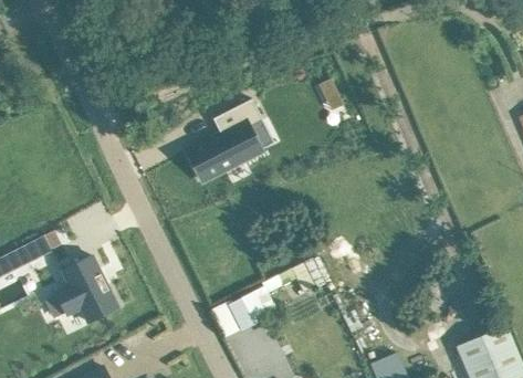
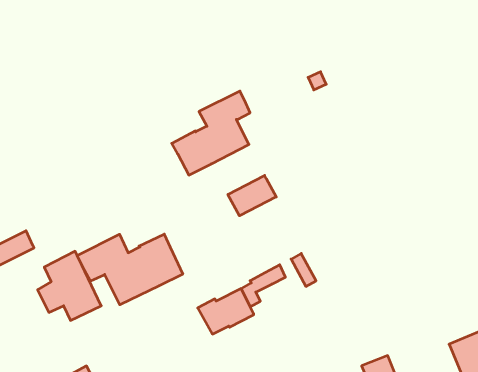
building: none -> [228,175,276,216]
building: none -> [77,234,183,305]

